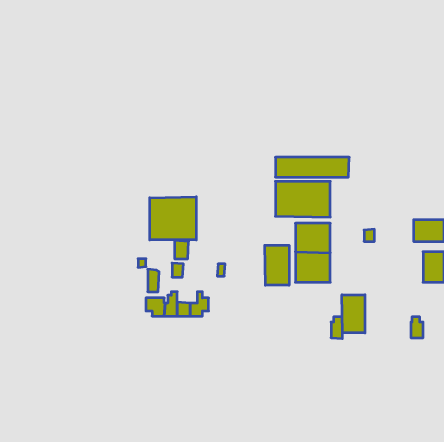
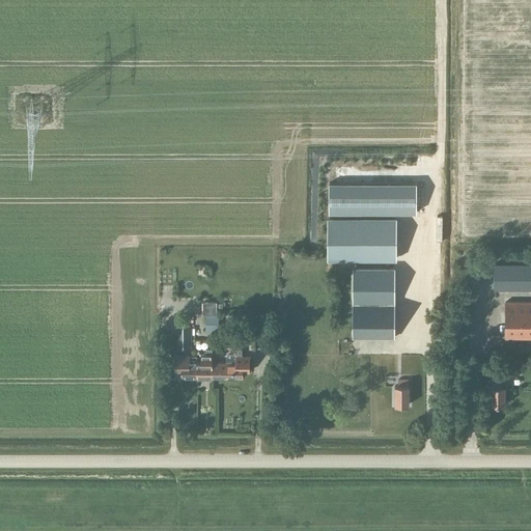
building: [150,197,196,240] -> none
building: [265,245,289,285] -> none
building: [342,295,365,333] -> none

